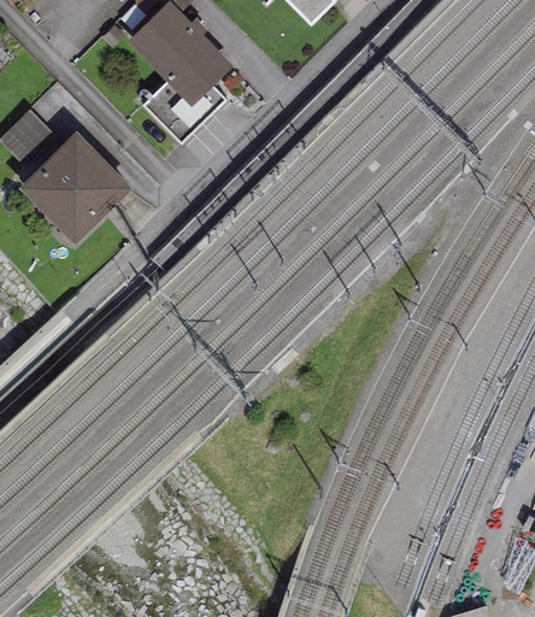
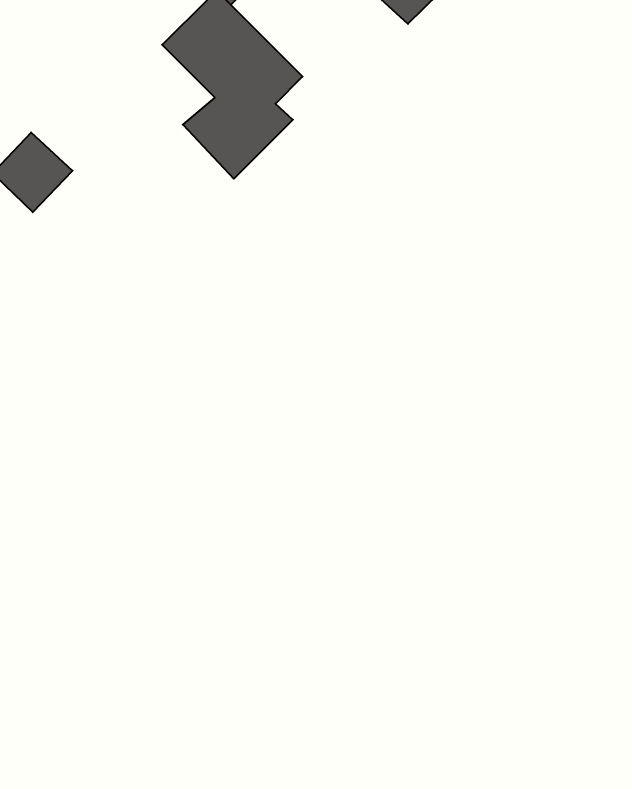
building: [19,131,130,242] -> none

